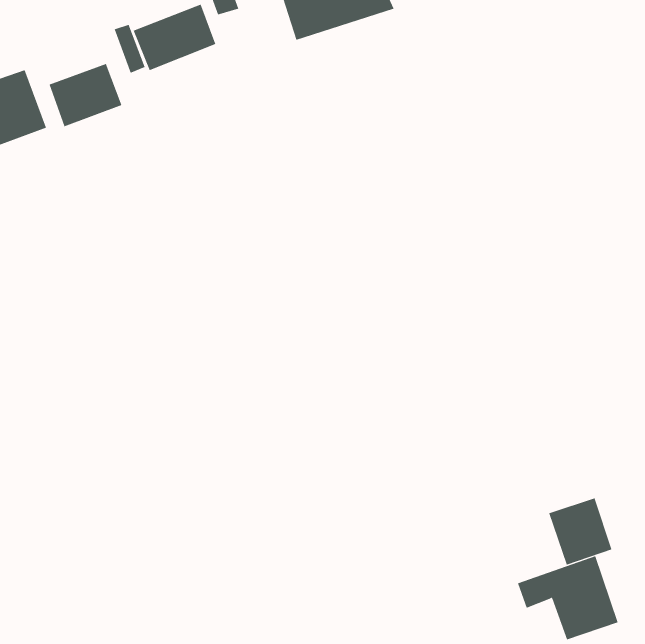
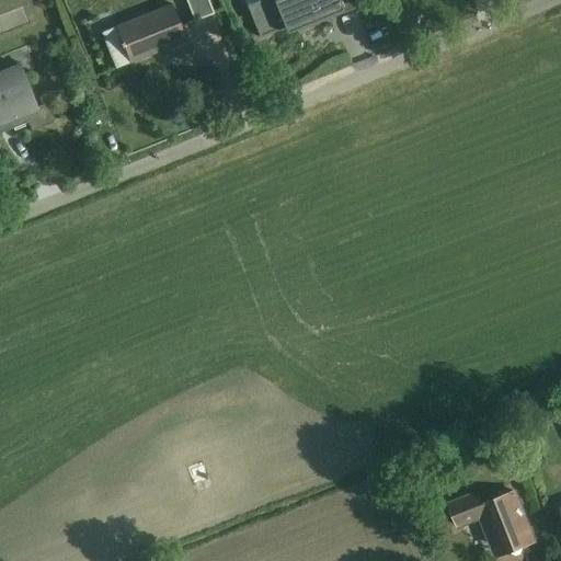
building: [49,63,122,127] -> none
building: [549,498,612,566] -> none

